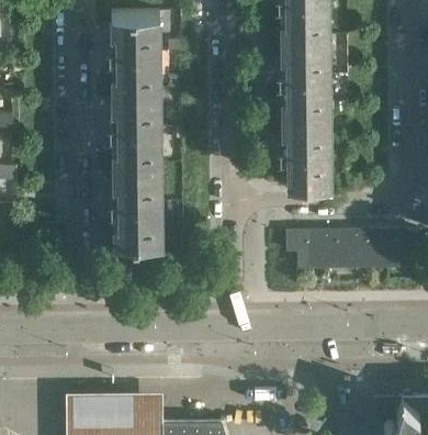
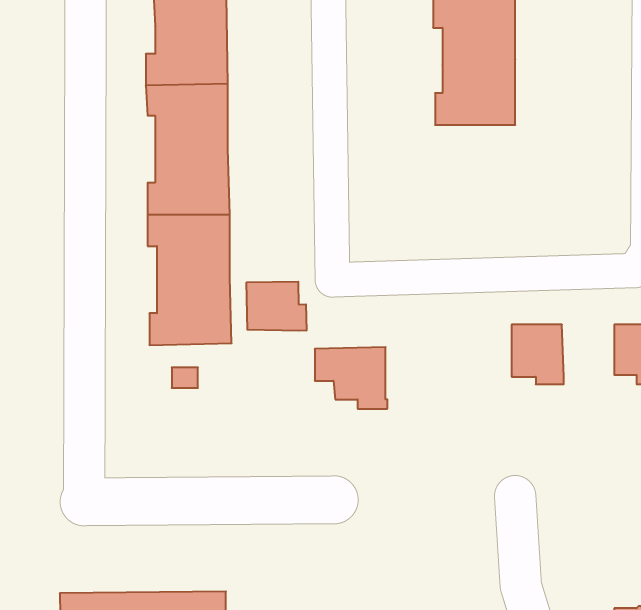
building: [282,114,330,185] -> none
building: none -> [247,282,306,331]
building: [285,232,328,268] -> [315,347,387,409]
building: [357,232,387,267] -> none

